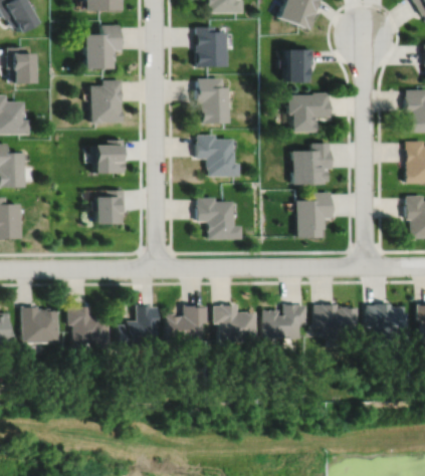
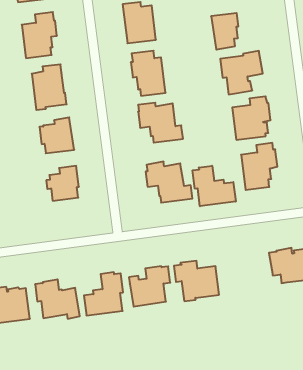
building: none -> [193,166,236,206]
building: [263,303,307,337] -> none

